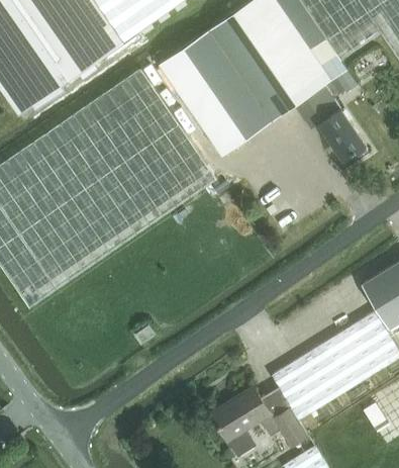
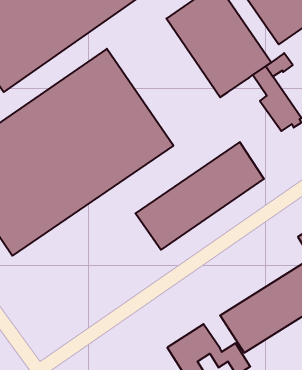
building: [161,28,274,155] -> none
building: none -> [135,142,264,250]

